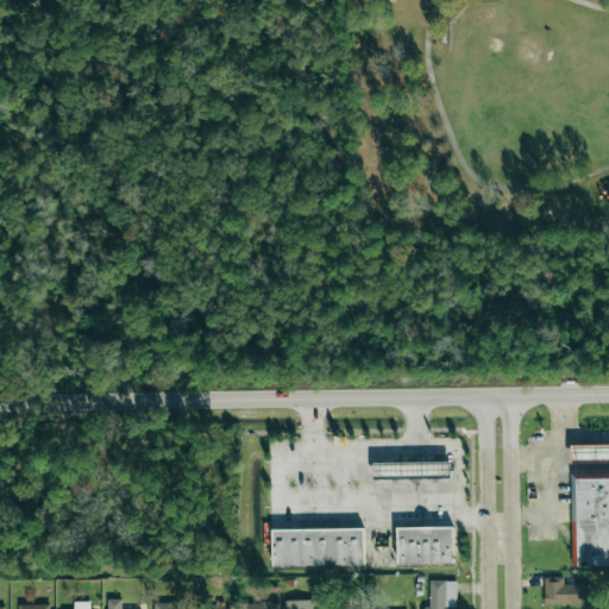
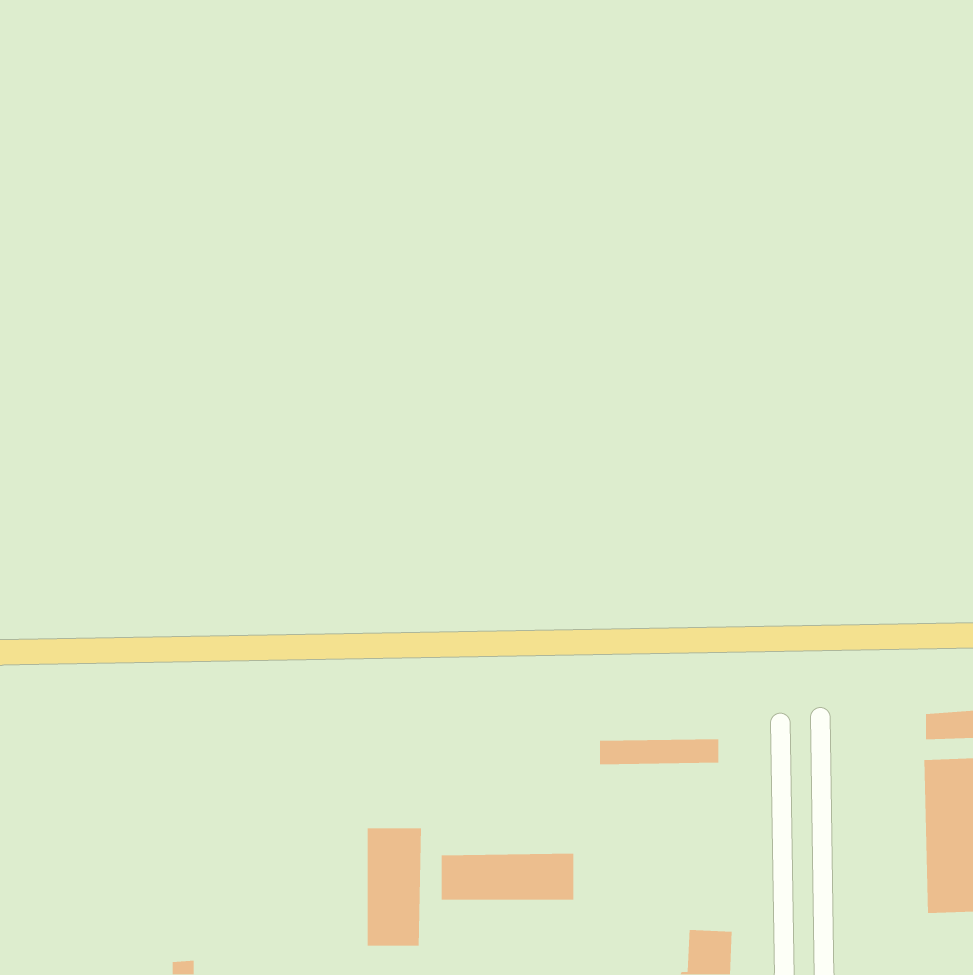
building: none -> [367,828,422,947]
building: [396,530,451,559] -> none
building: [545,576,590,603] -> none

